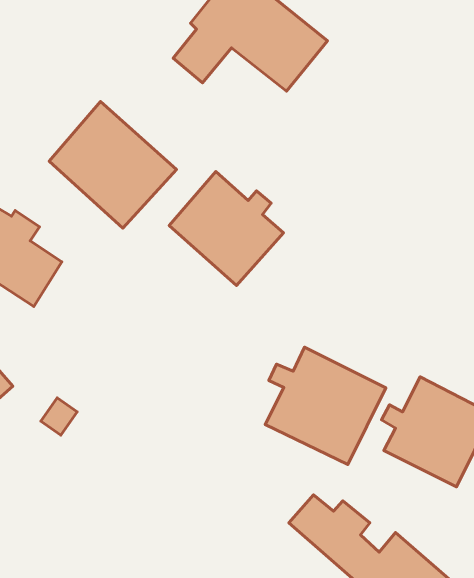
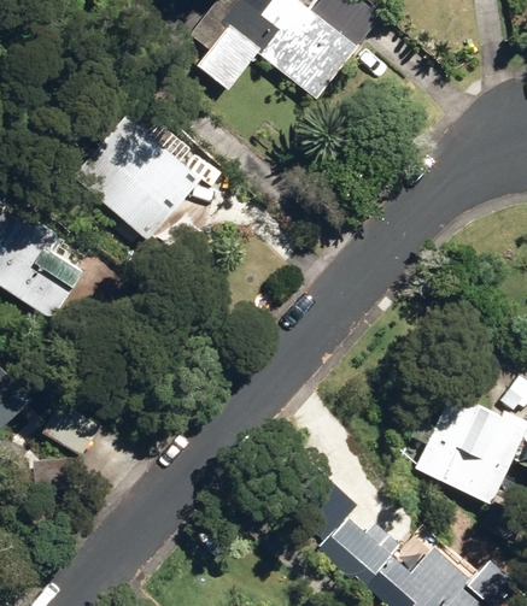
building: [169,172,284,285] -> none
building: [265,347,386,464] -> none

